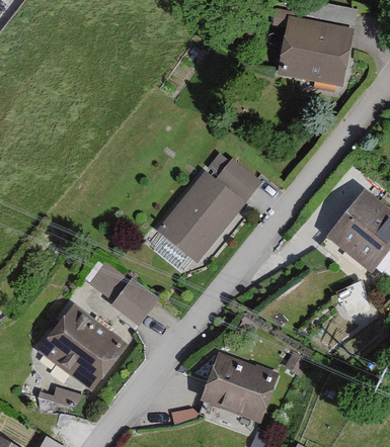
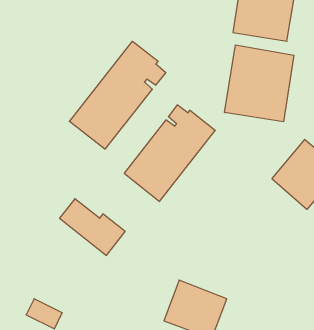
building: none -> [69,41,166,149]
building: none -> [225,45,294,122]
building: [38,307,125,391] -> none

